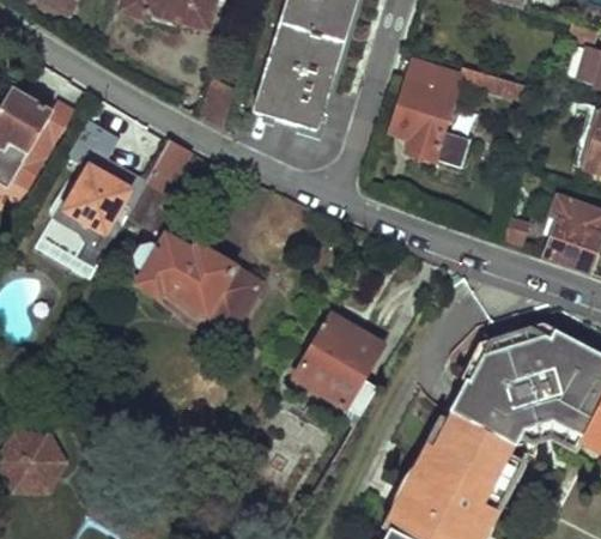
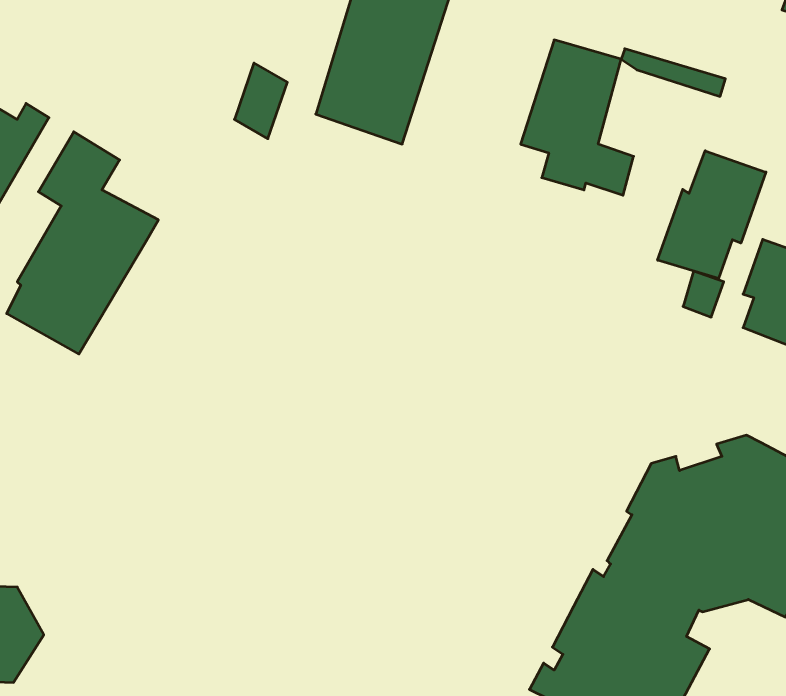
building: none -> [658,151,766,279]
building: [125,141,261,332] -> none
building: [295,316,381,426] -> none

